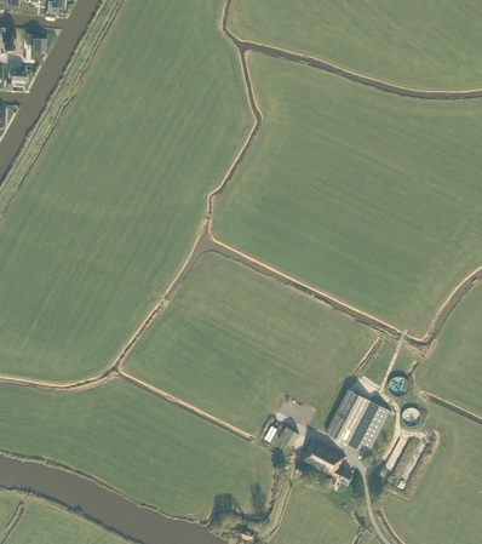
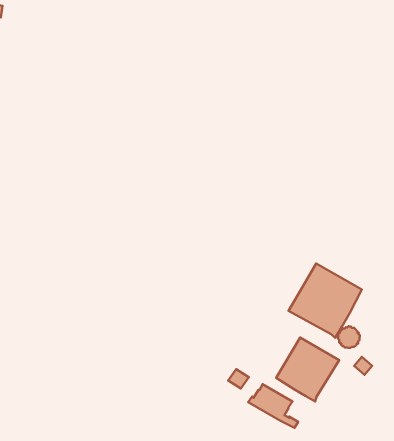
building: none -> [289,264,362,338]

